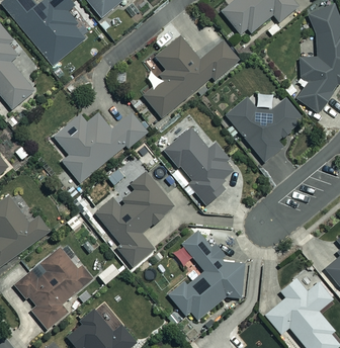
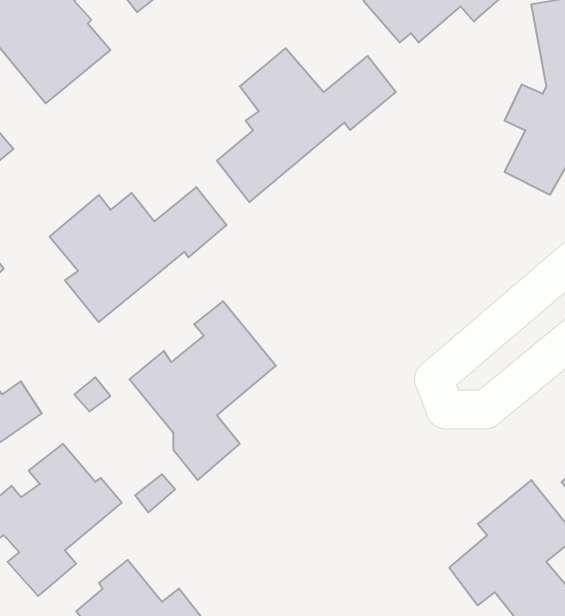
building: [224,97,303,163] -> none
building: [164,120,235,204] -> none
building: [169,230,245,319] -> none

